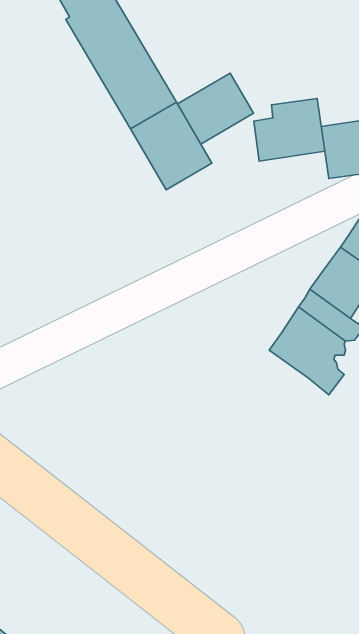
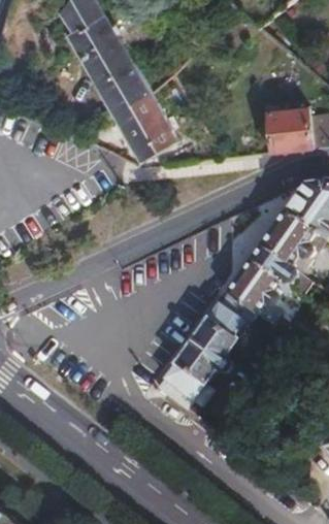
building: [177,73,253,144] -> none
building: [254,98,325,161] -> none
building: none -> [158,291,256,411]

